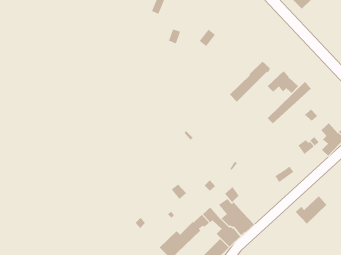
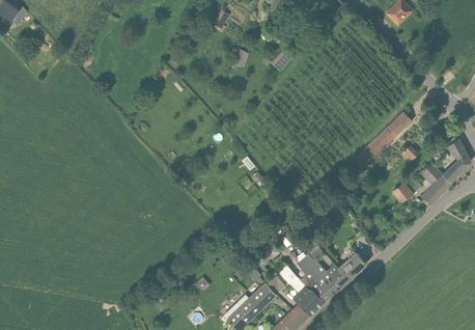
building: [229,61,271,102] -> none
building: [267,71,299,94] -> none
building: [295,196,327,224] -> [327,252,366,287]

